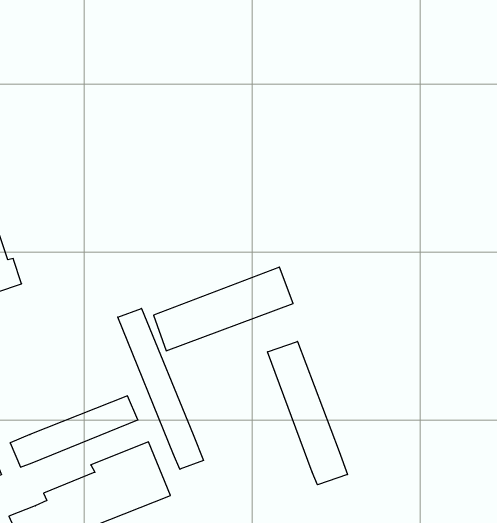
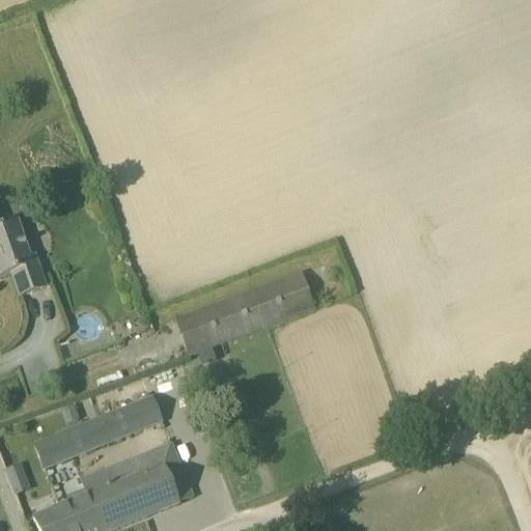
building: [118,308,204,469] -> none
building: [268,341,347,485] -> none

